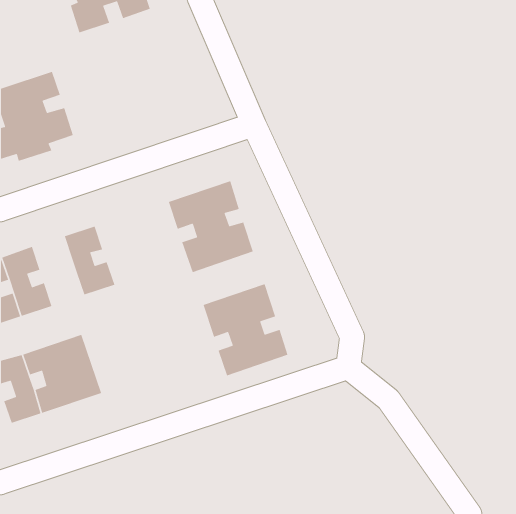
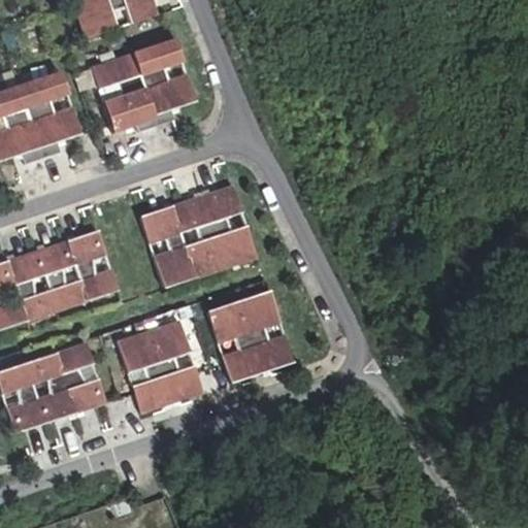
building: none -> [82,39,188,136]
building: none -> [140,205,197,289]
building: none -> [34,240,87,312]
building: none -> [116,320,204,414]

